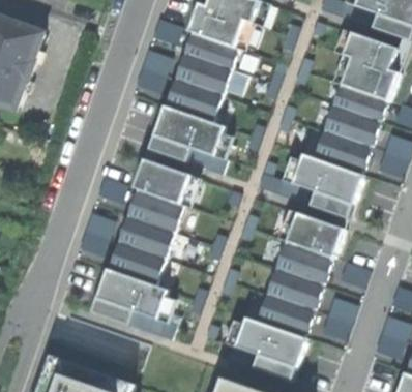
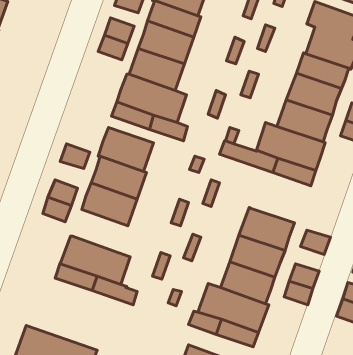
building: [288,213,344,257] -> none
building: [108,242,164,285] -> none

